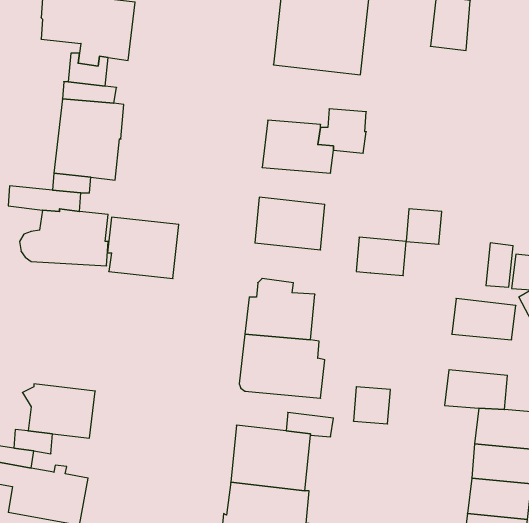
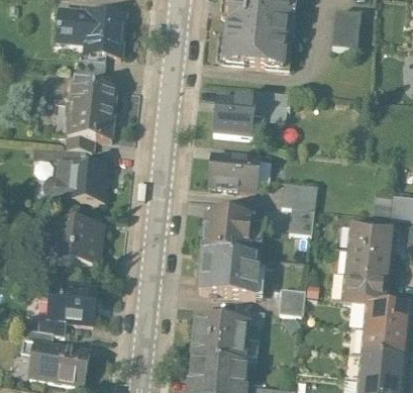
building: [406,209,442,244] -> [289,207,314,232]
building: [107,217,179,279] -> [53,222,103,266]
building: none -> [346,251,391,280]

